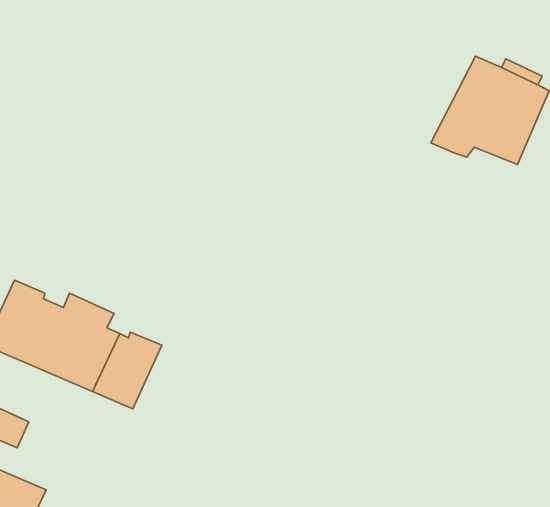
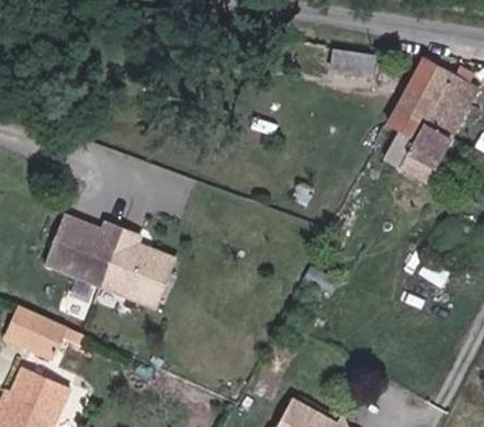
building: none -> [325,50,371,78]
building: none -> [375,122,439,180]

